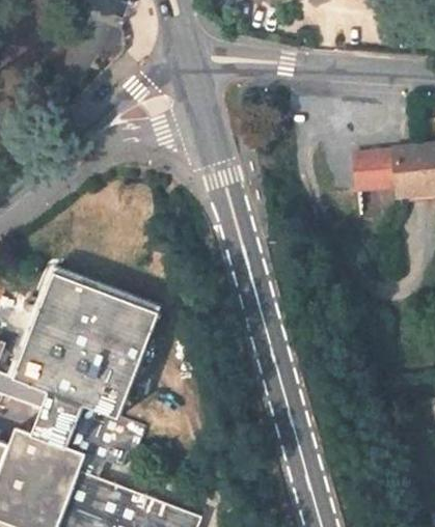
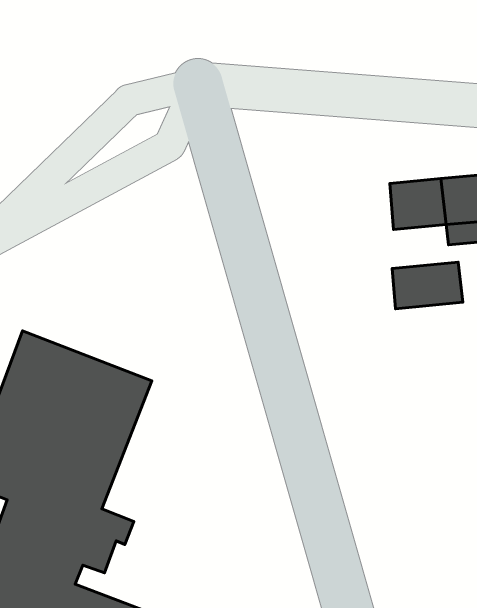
building: none -> [392,262,463,309]

